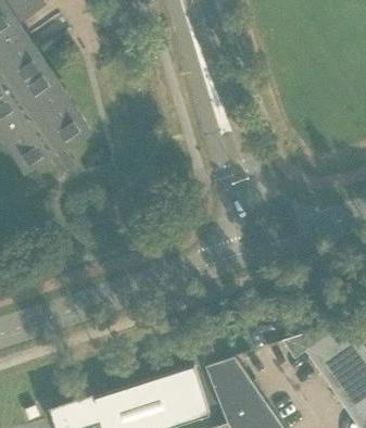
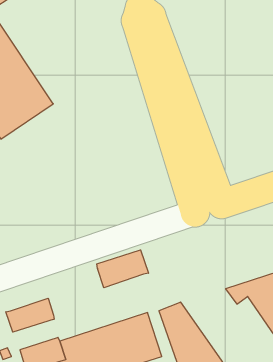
building: none -> [97,250,148,288]
building: none -> [6,298,54,332]

